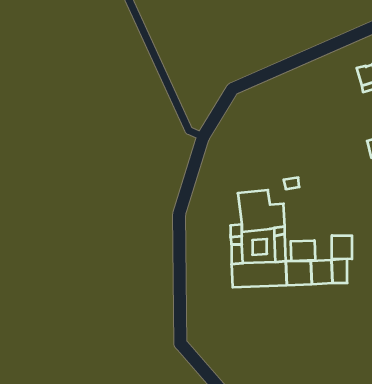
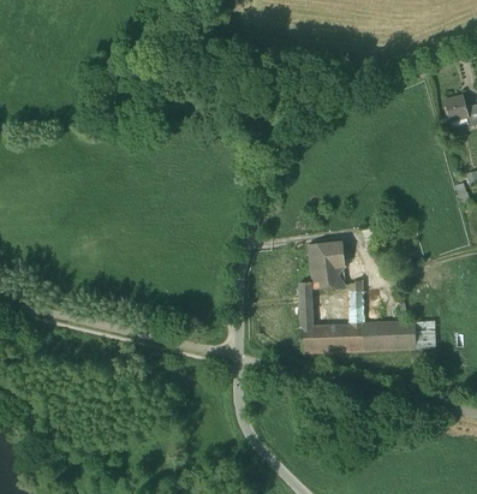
building: [332,235,352,259] -> none
building: [291,240,315,261] -> none

